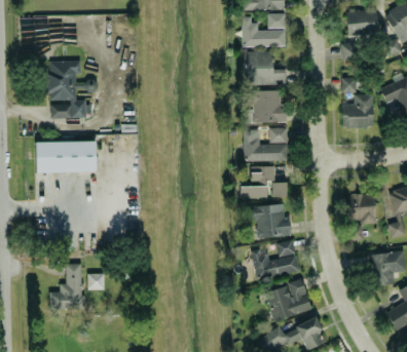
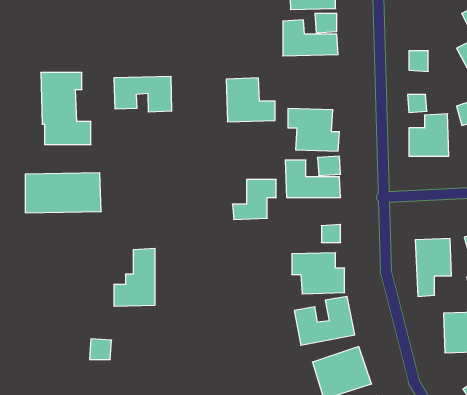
building: [346,9,379,36] -> none
building: [247,50,286,85] -> [226,78,275,122]
building: none -> [114,76,171,112]
building: [239,166,274,198] -> [232,180,276,220]
building: [50,263,83,309] -> [114,248,155,306]

